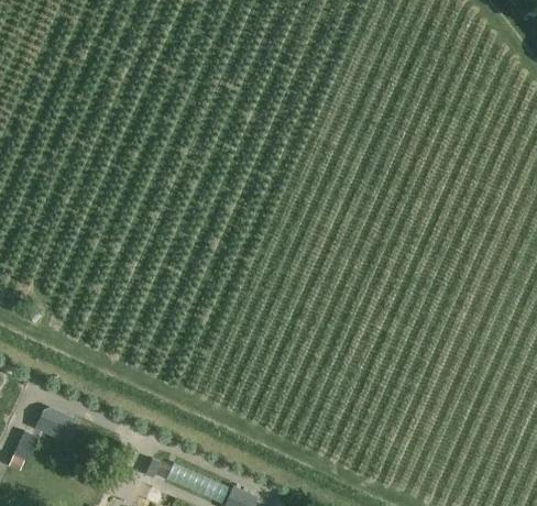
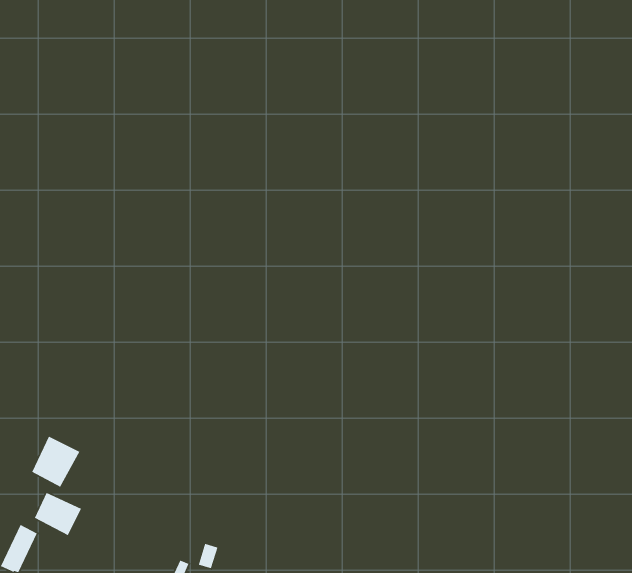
building: none -> [31,435,80,488]

